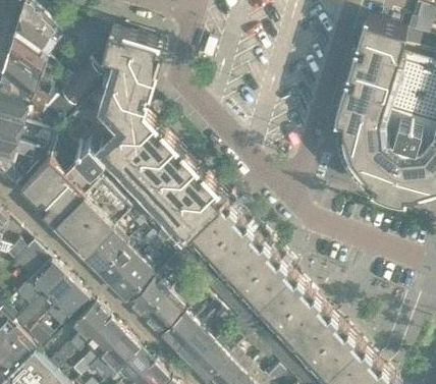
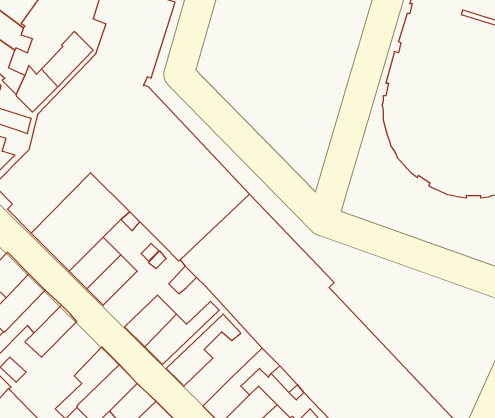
building: [110,259,152,300] -> none
building: [49,305,109,373] -> none
building: [175,309,228,368] -> none

